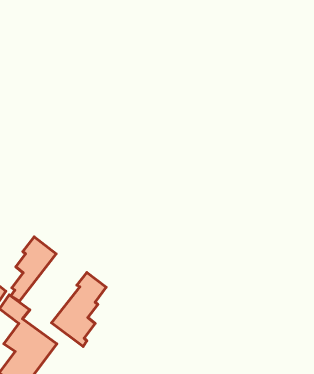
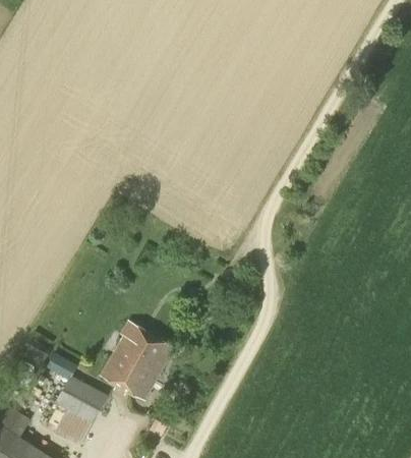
building: [11,237,56,301] -> [134,332,174,398]

